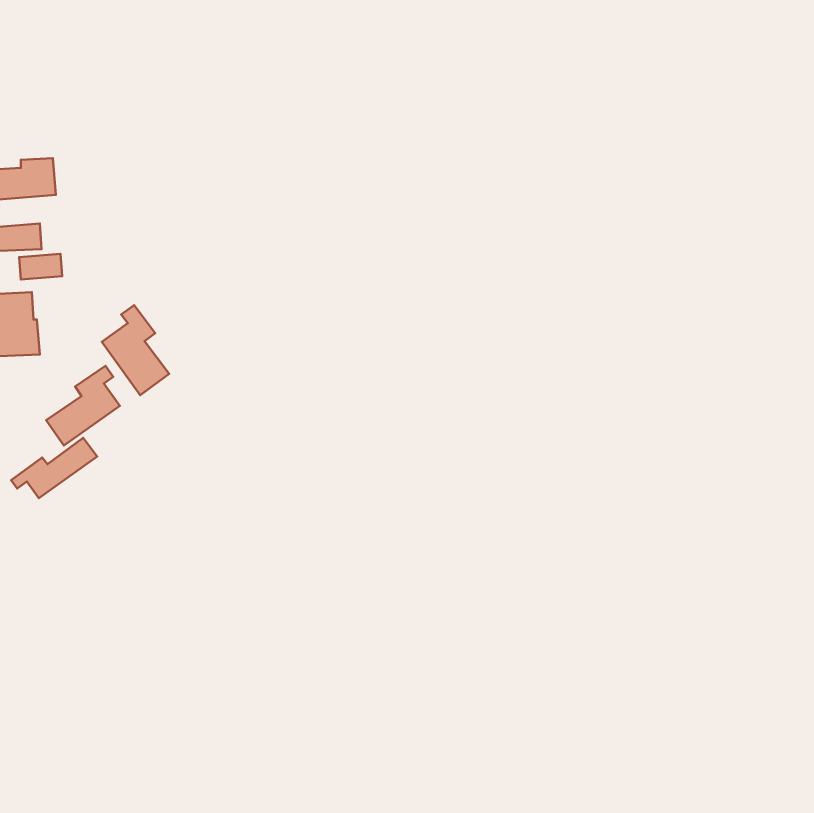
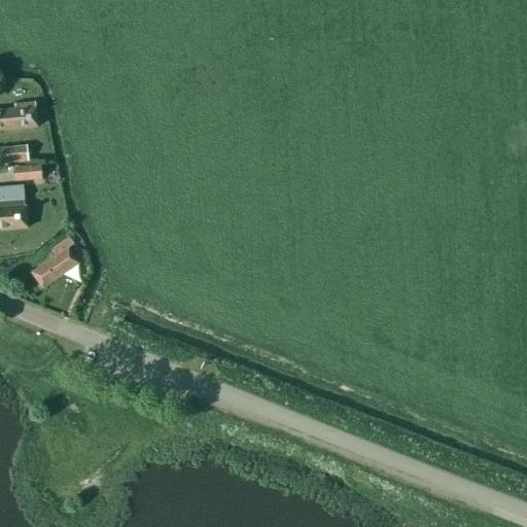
building: [102,305,169,395] -> none
building: [11,438,97,498] -> none

